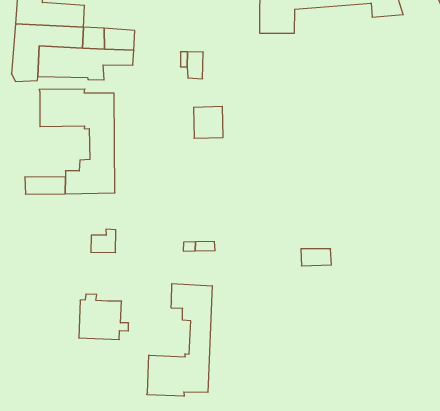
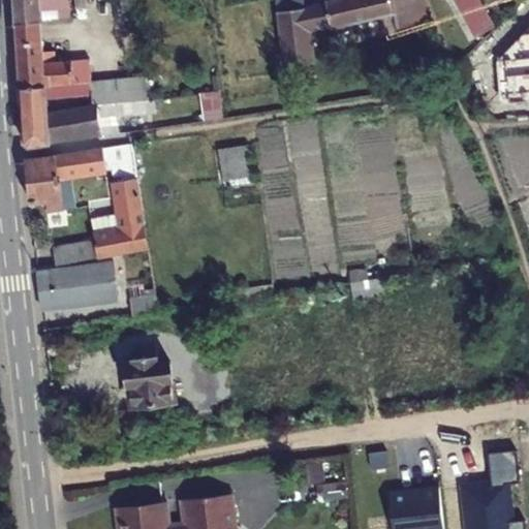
building: none -> [24,155,61,210]
building: none -> [36,261,116,308]
building: [147,284,212,396] -> none

